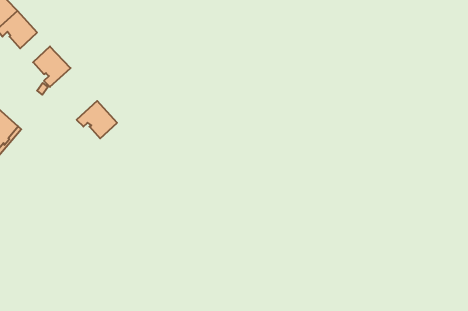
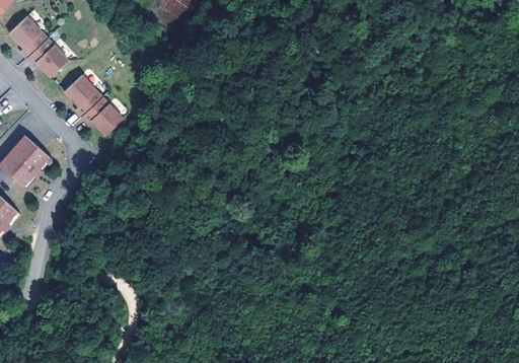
building: [77,101,117,138] -> [80,96,122,135]

